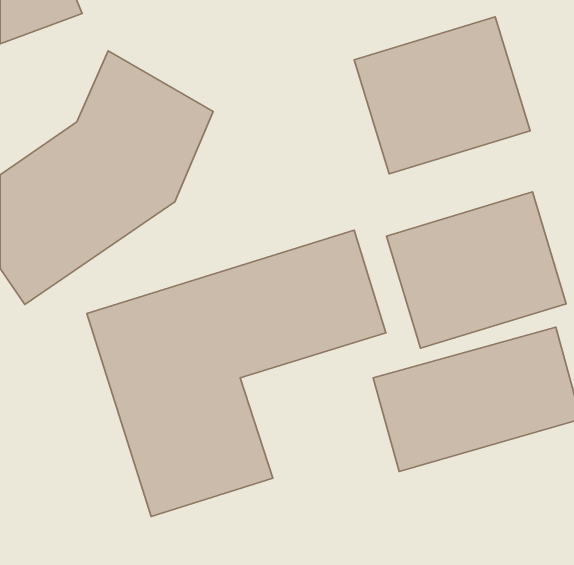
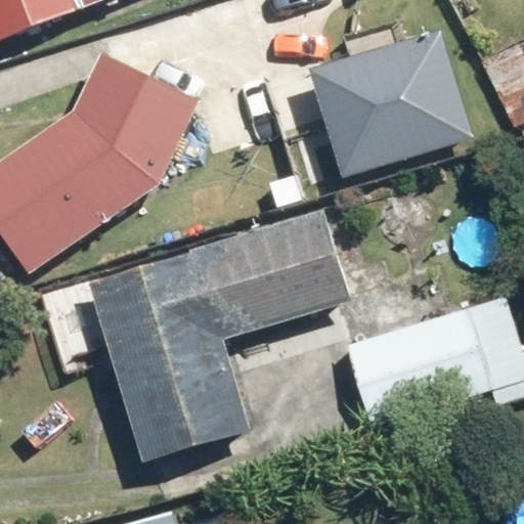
building: [387,192,566,348] -> none

